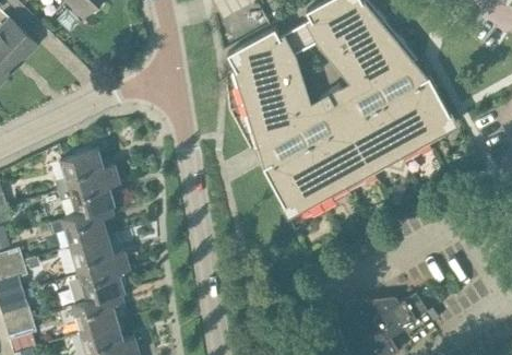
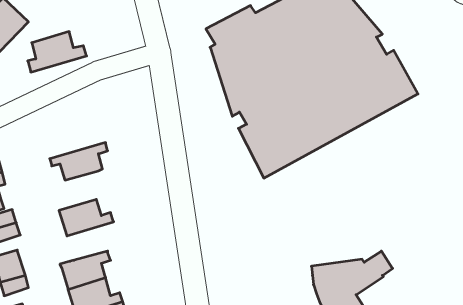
building: [56,151,119,194] -> [28,32,87,72]
building: [51,208,115,250] -> none
building: [78,262,131,304] -> none

